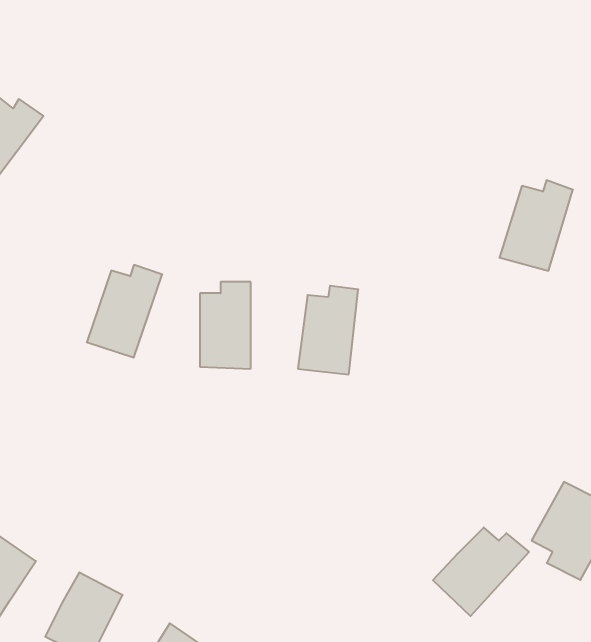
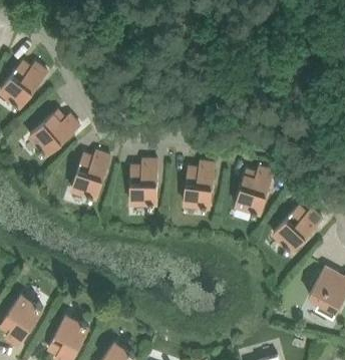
building: [499,180,573,271] -> [234,166,273,215]
building: none -> [28,110,79,155]
building: [433,527,529,616] -> [271,206,322,253]

